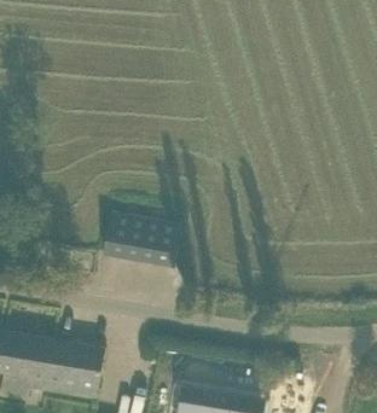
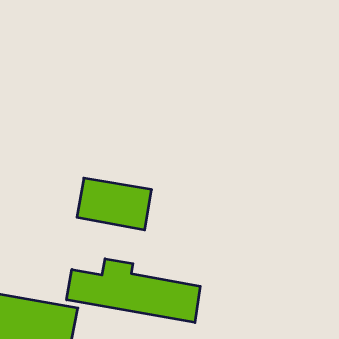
building: none -> [67,259,200,323]

